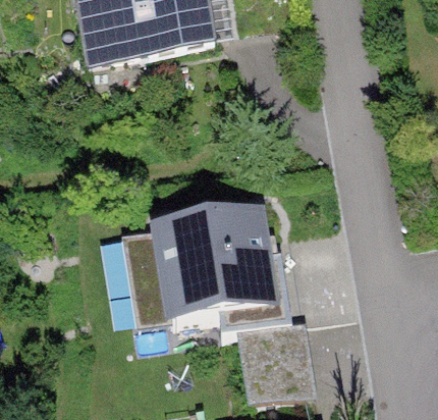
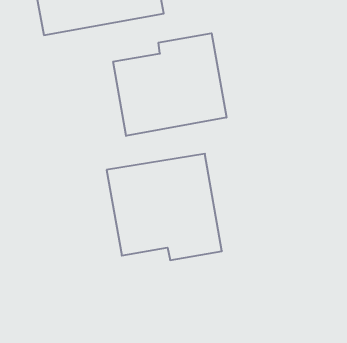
building: none -> [113,33,226,136]

